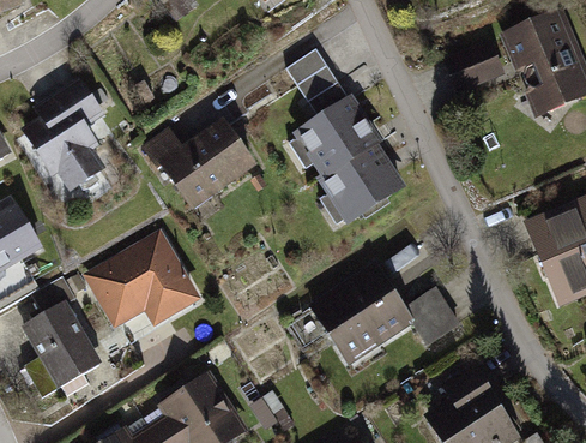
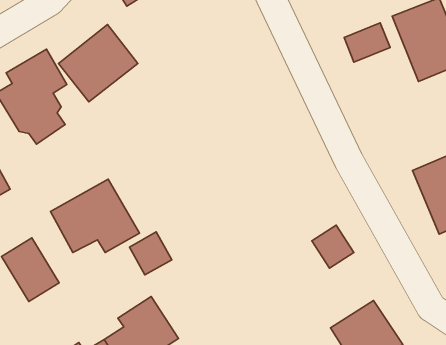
building: [289,53,348,115] -> none
building: [295,97,409,223] -> none
building: [157,118,254,212] -> [59,25,138,102]
building: [315,269,409,359] -> none
building: none -> [129,232,172,275]

